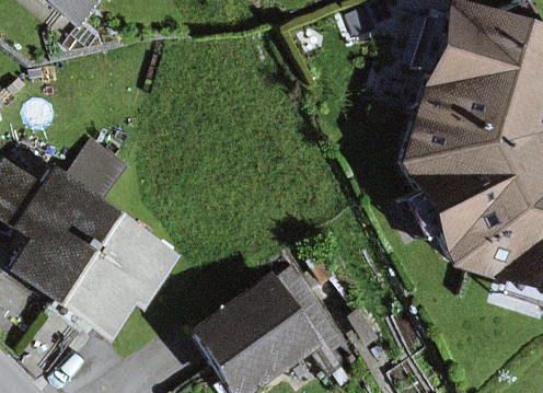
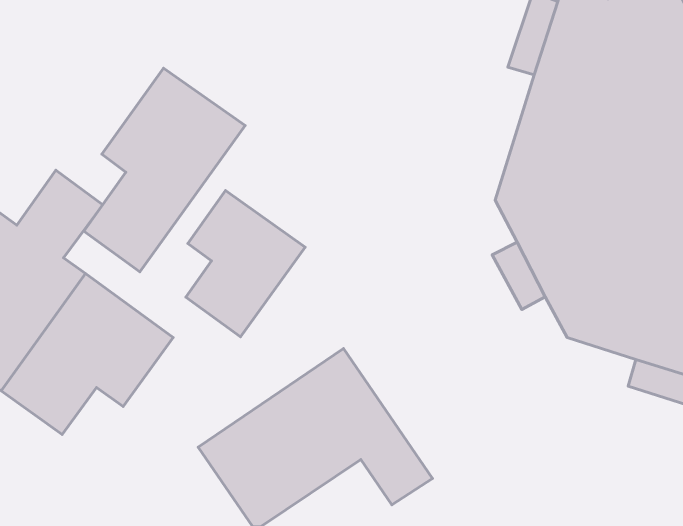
building: none -> [84,68,245,272]
building: none -> [186,191,305,337]

